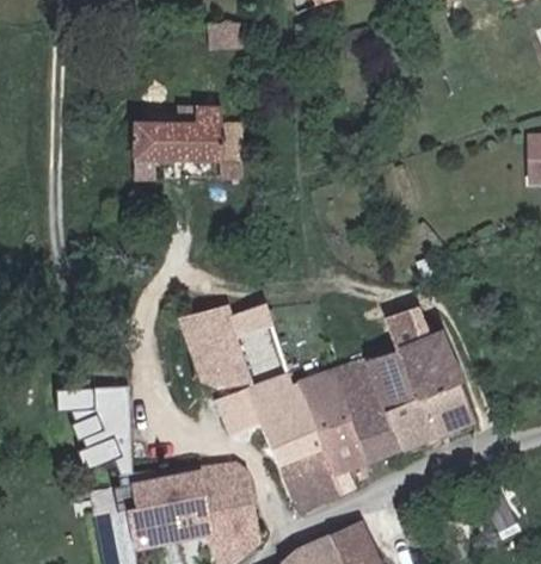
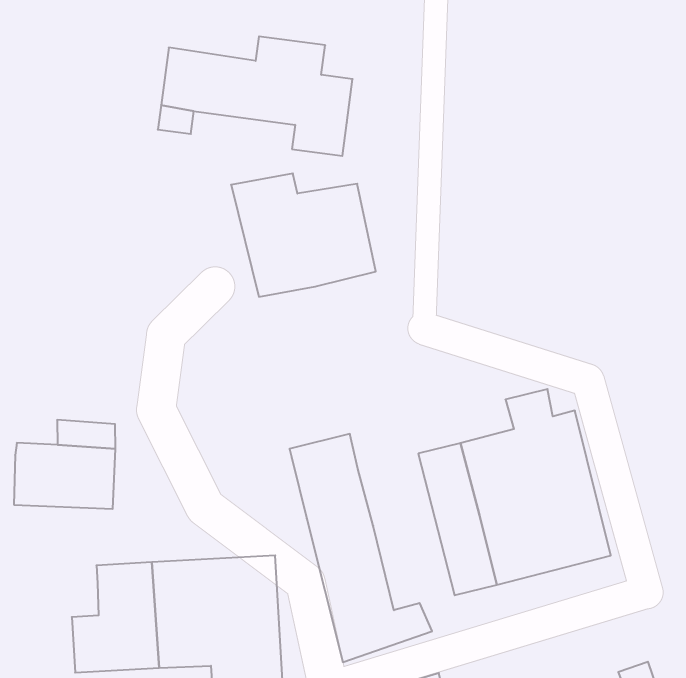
building: [179,306,284,392] -> [231,173,376,297]
building: [293,372,369,479] -> none
building: [220,386,263,435] -> none

